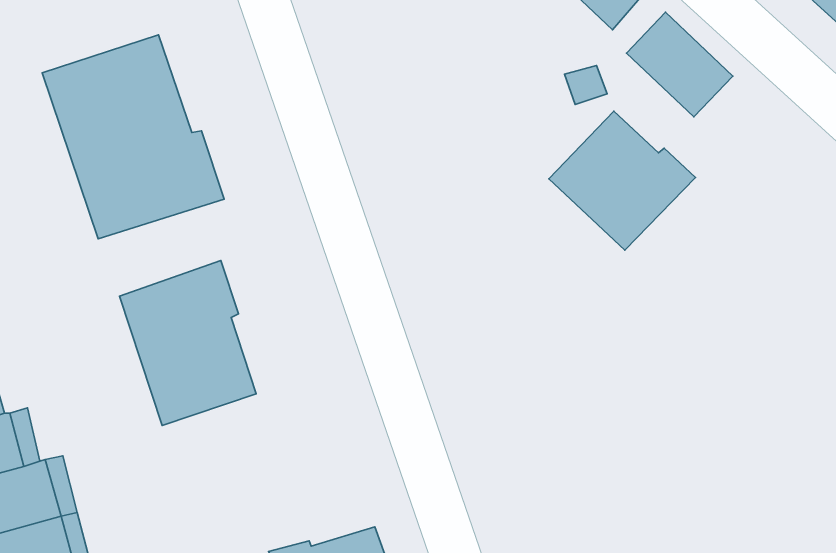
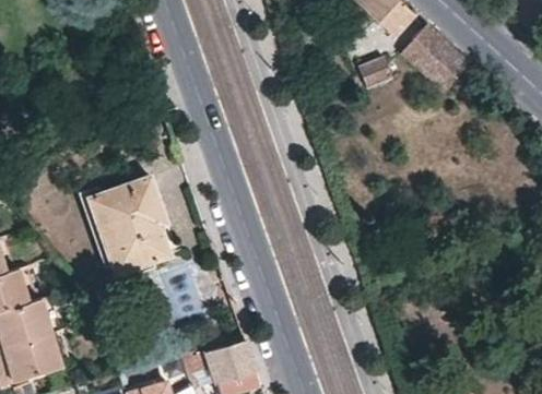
building: [42,35,224,239] -> none
building: [549,111,695,250] -> none

